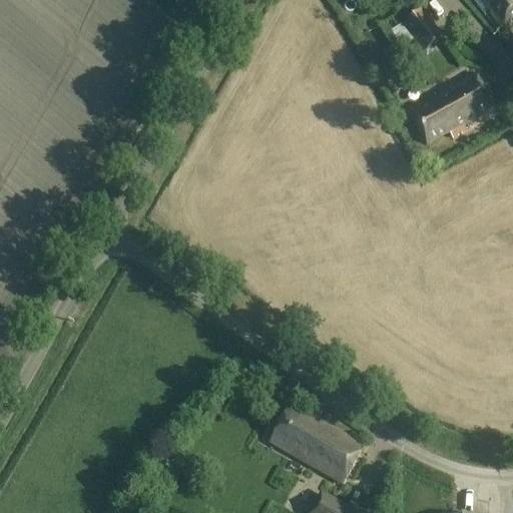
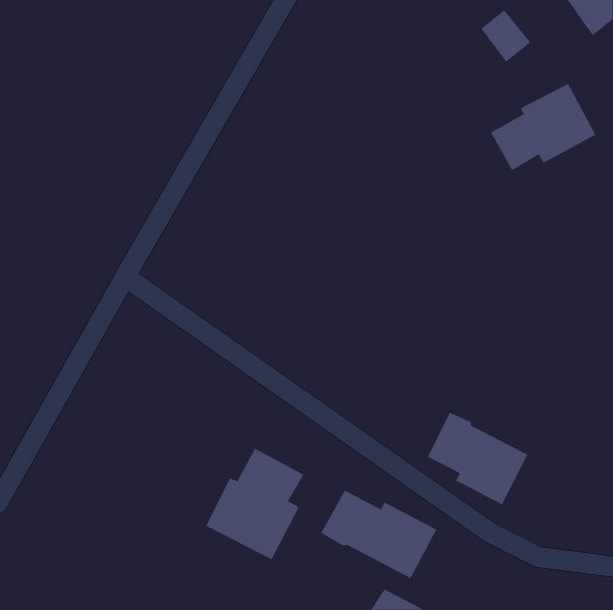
building: none -> [427,412,528,505]
building: none -> [206,448,304,560]

